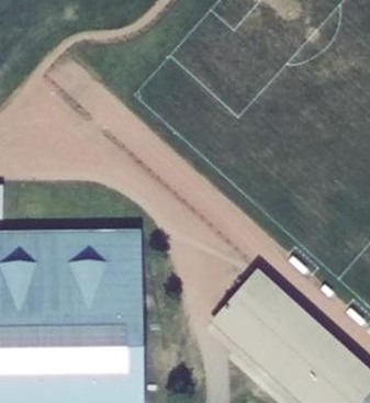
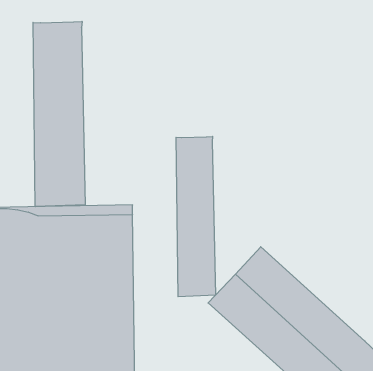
building: none -> [33,21,85,207]
building: none -> [176,136,215,297]

